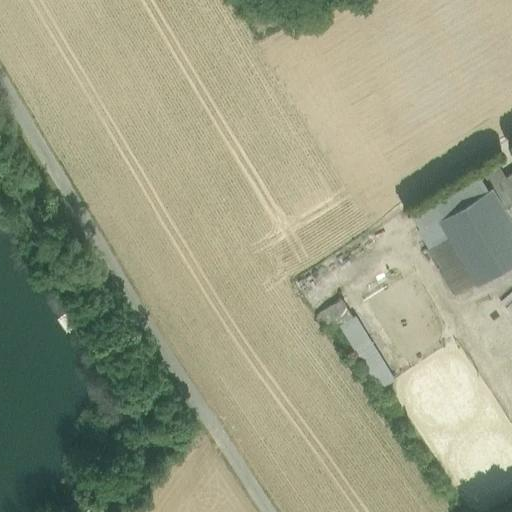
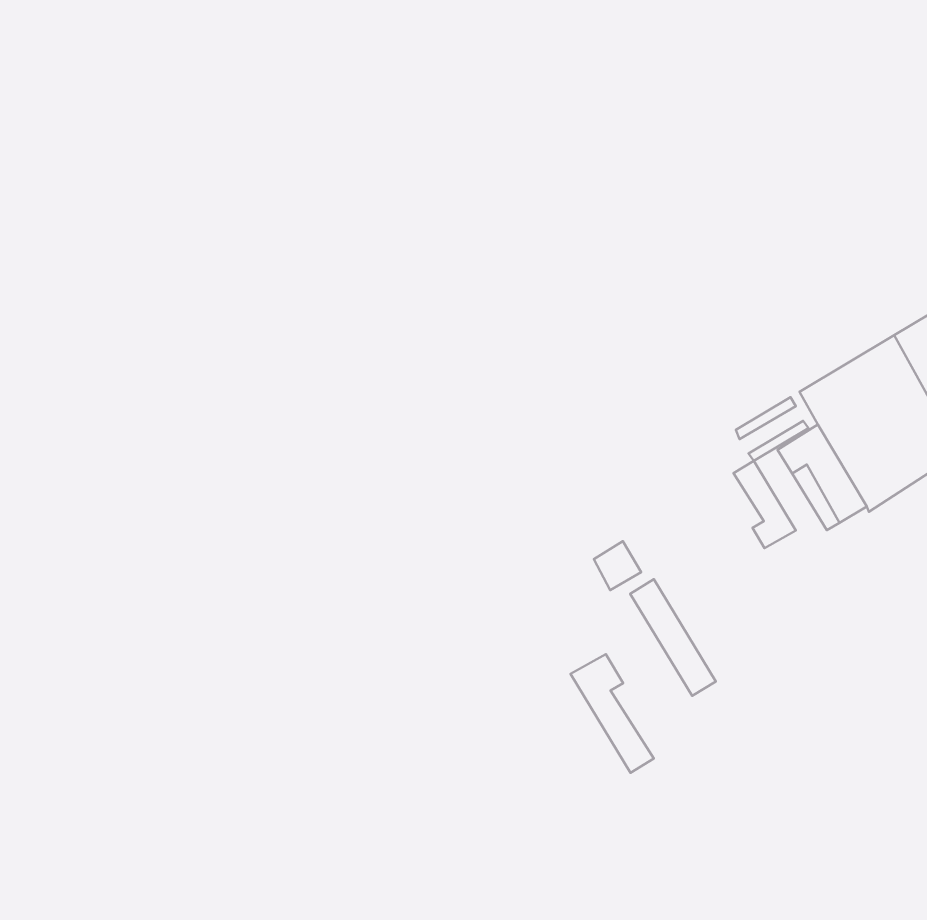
building: none -> [733,461,796,548]
building: none -> [571,654,654,773]

